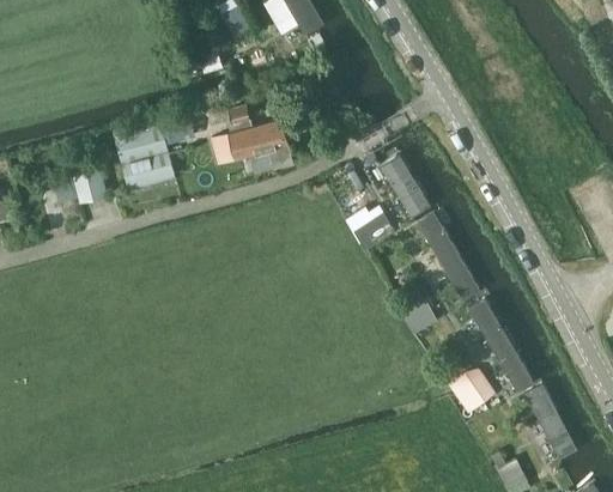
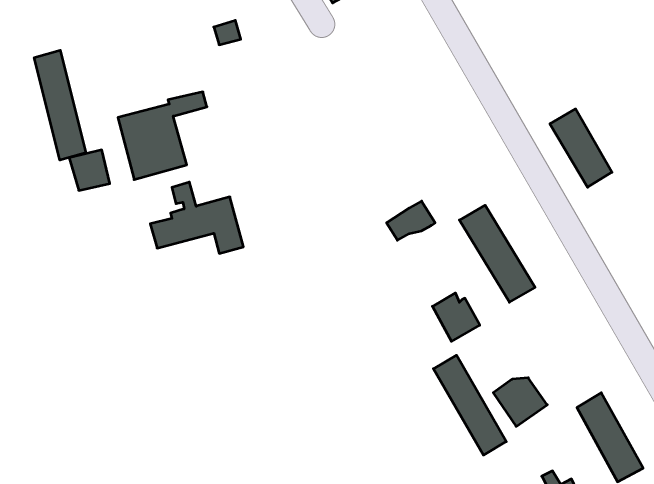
building: none -> [34,50,86,160]
building: [210,105,292,169] -> [150,182,243,253]
building: [380,152,435,221] -> [550,109,612,187]
building: [468,299,533,388] -> [433,355,506,455]

